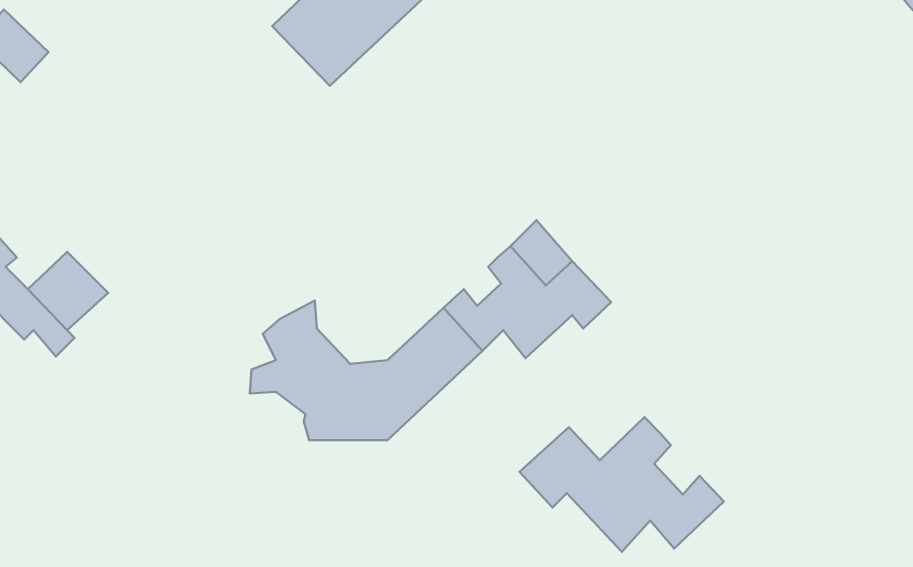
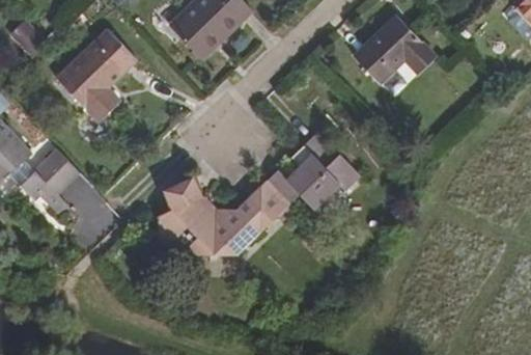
building: none -> [353,16,436,84]
building: none -> [58,29,137,121]
building: [520,417,724,552] -> none

